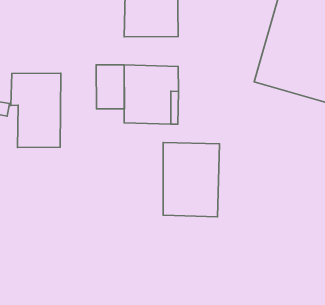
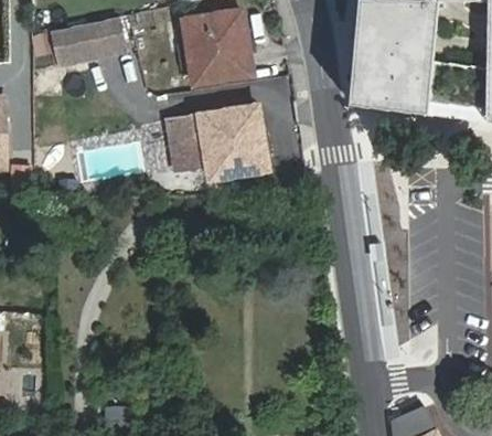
building: [11,73,61,147] -> none
building: [163,143,219,217] -> none

